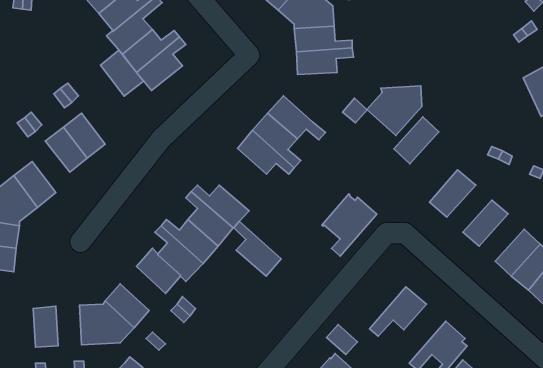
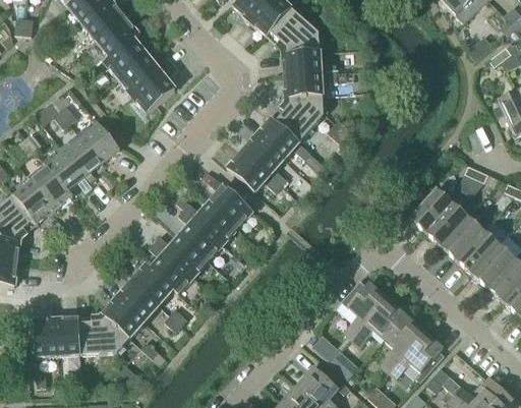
building: [100,50,143,96] -> [79,120,120,164]
building: [367,86,422,135] -> [271,96,323,142]
building: [394,117,439,164] -> [425,202,468,247]
building: none -> [27,162,72,210]
building: [322,194,377,256] -> [335,280,387,339]
building: none -> [456,230,499,275]
building: [234,221,281,276] -> [208,175,252,227]
building: none -> [116,280,159,322]
building: none -> [381,315,424,371]
building: none -> [55,316,79,355]

